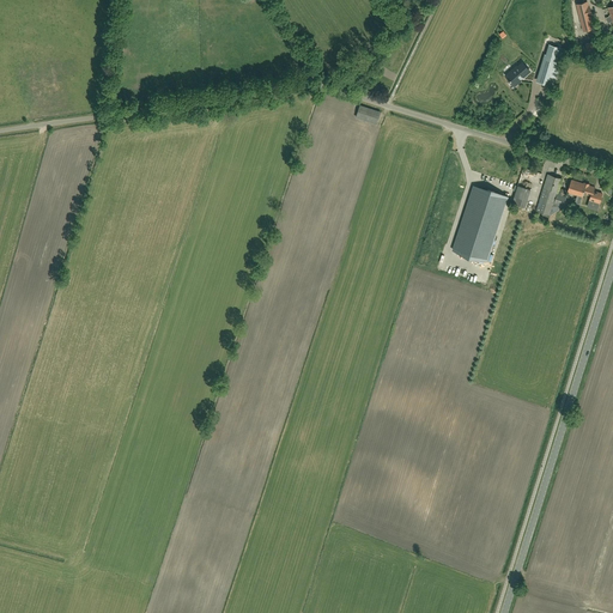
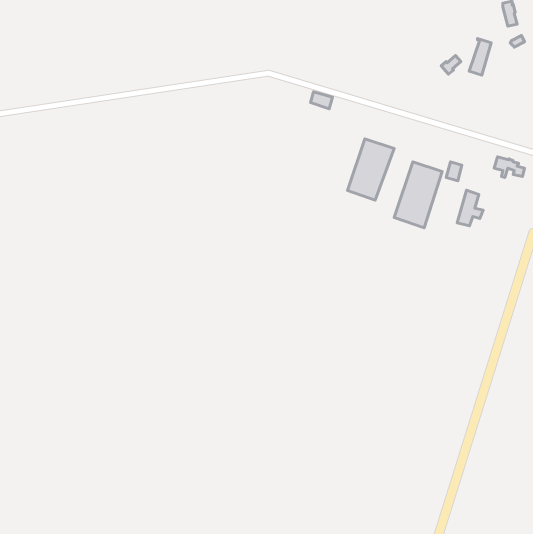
building: none -> [347,139,394,200]
building: [535,174,565,214] -> [457,190,483,226]

